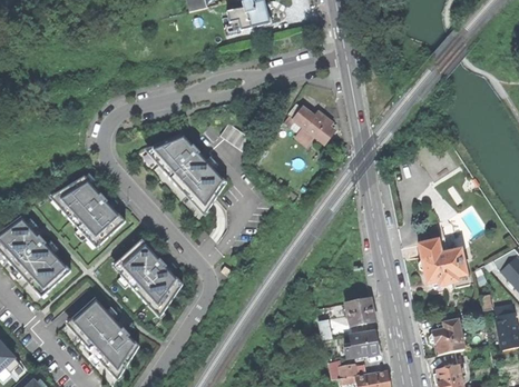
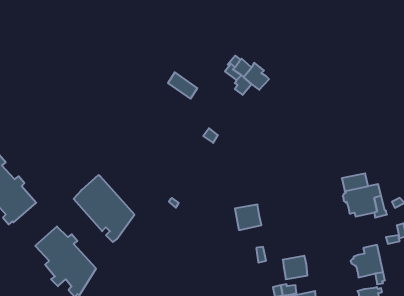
building: [146,132,225,211] -> none
building: [51,176,125,246] -> none
building: [345,297,375,326] -> [235,205,261,230]

